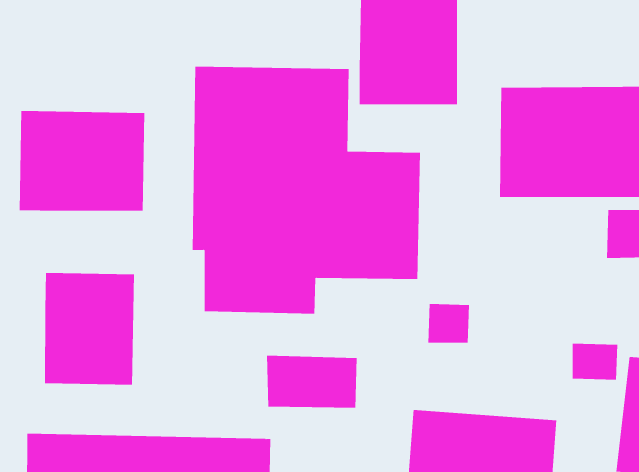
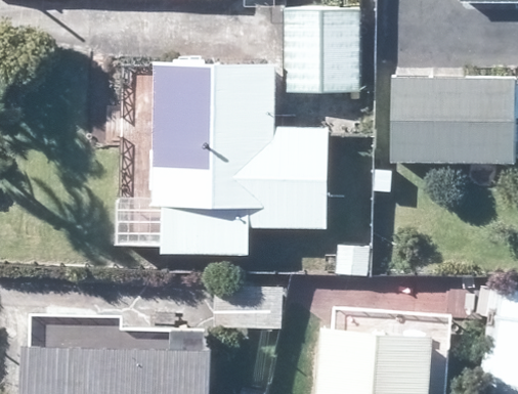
building: [19,110,145,212] -> none
building: [45,272,135,386] -> none

